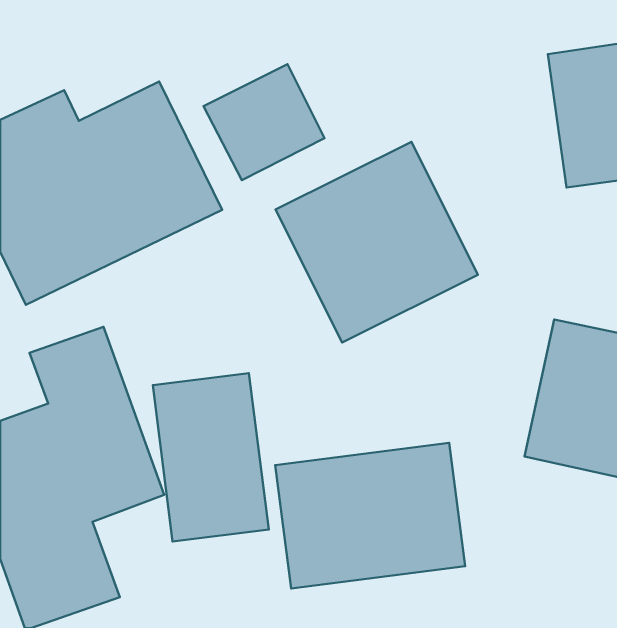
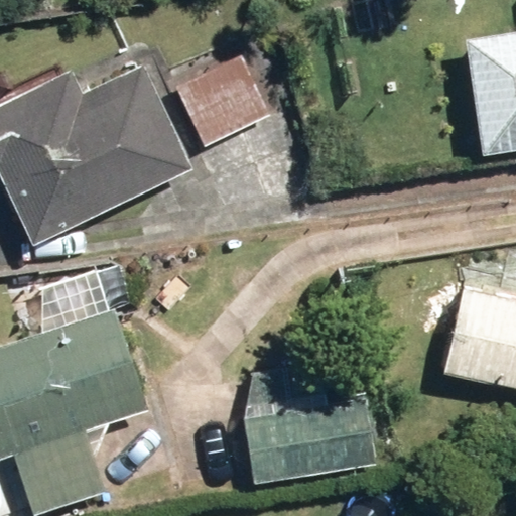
building: [276,142,478,342] -> none
building: [153,373,269,542] -> none

